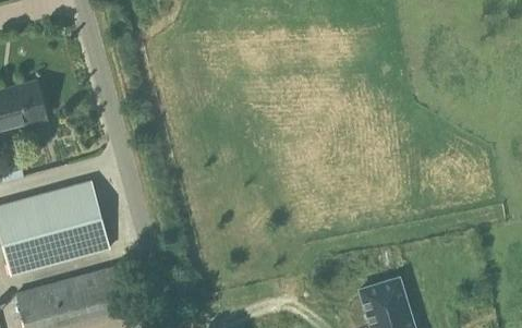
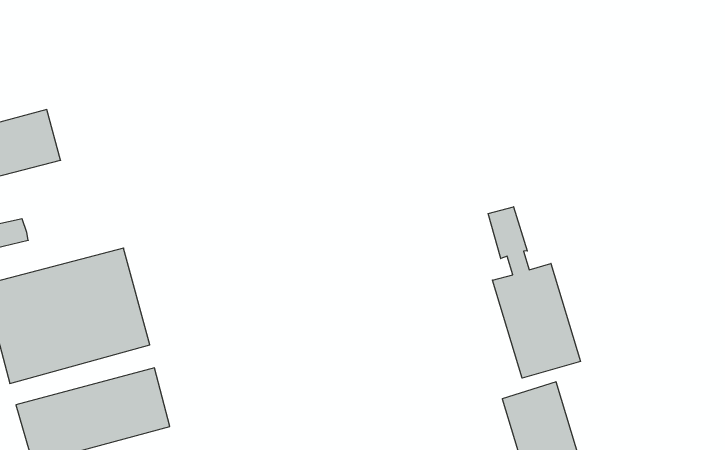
building: none -> [488,207,580,378]

